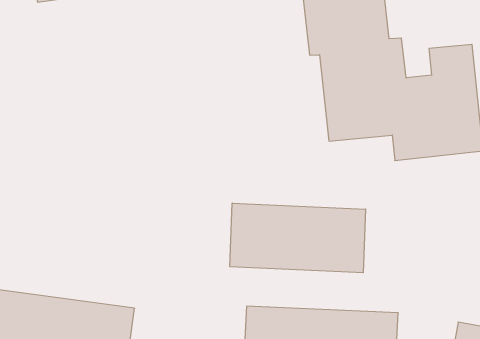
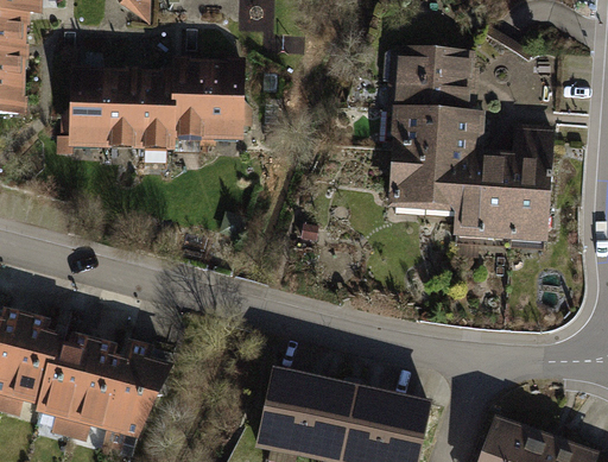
building: none -> [69,58,242,147]
building: [230,203,366,273] -> none

